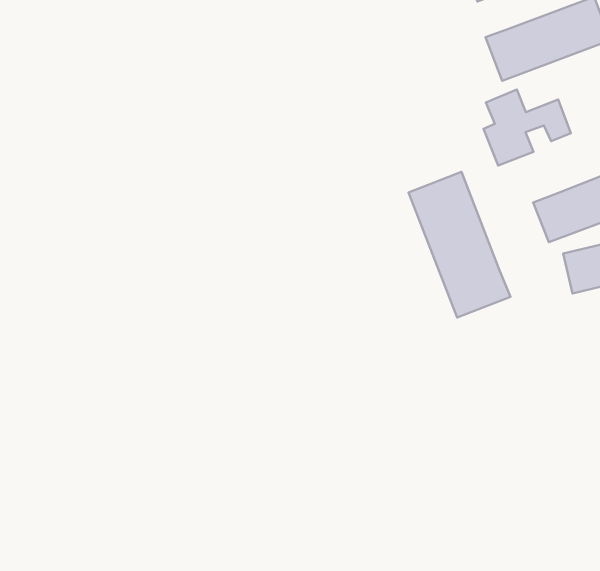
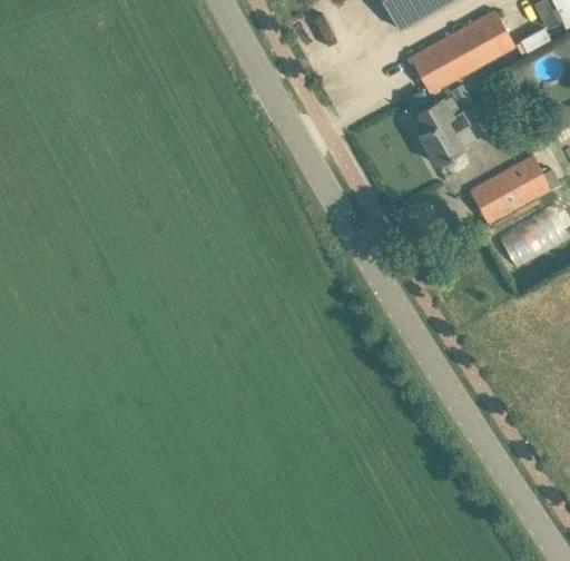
building: [408,172,510,317] -> none

